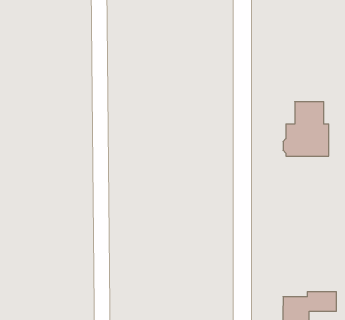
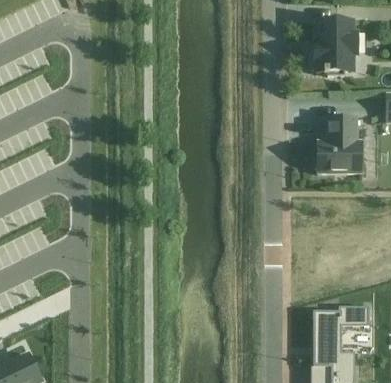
building: none -> [309,21,356,76]

